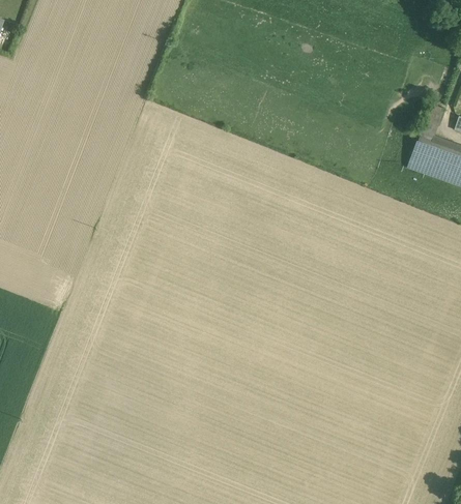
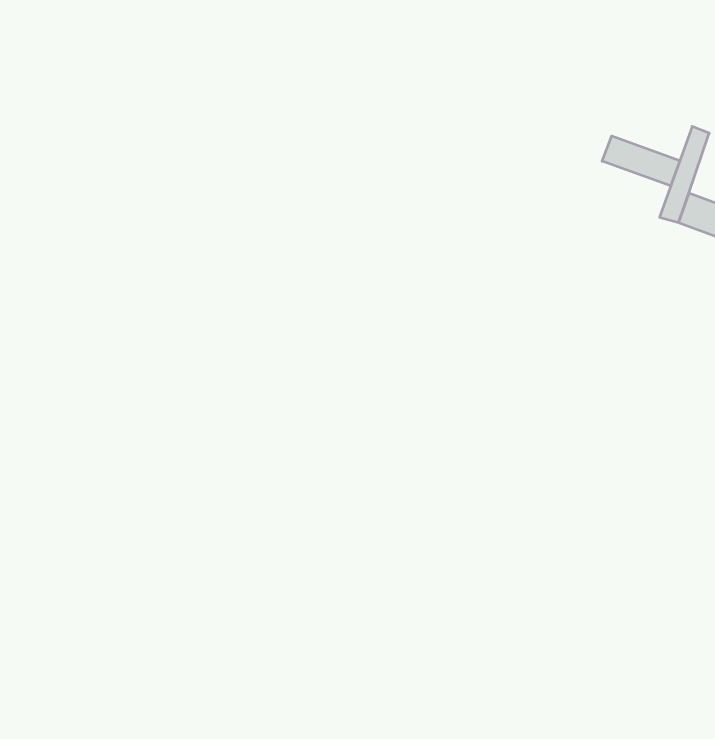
building: none -> [602,136,680,186]

